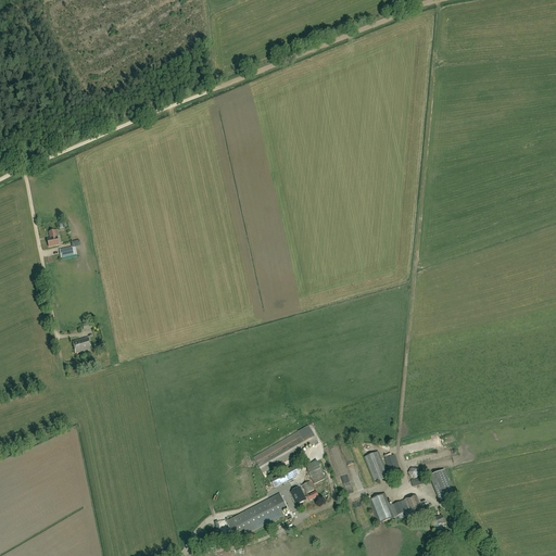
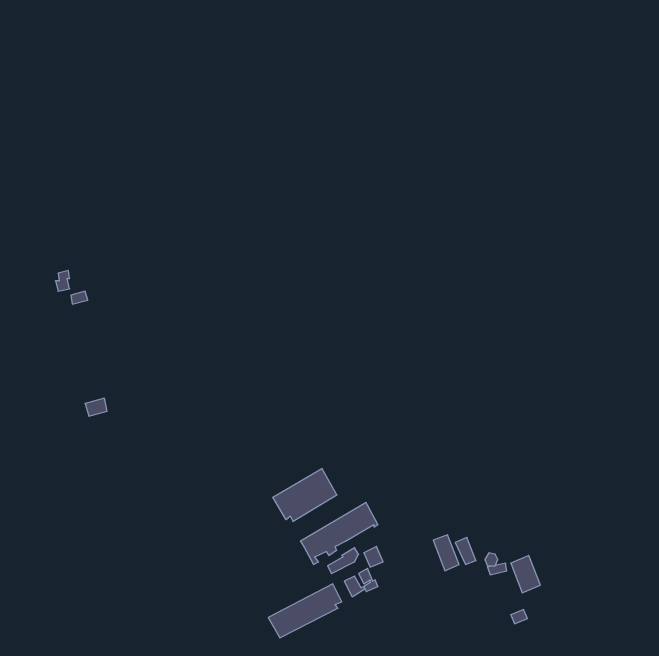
building: none -> [273,468,337,522]
building: [367,491,422,522] -> none

